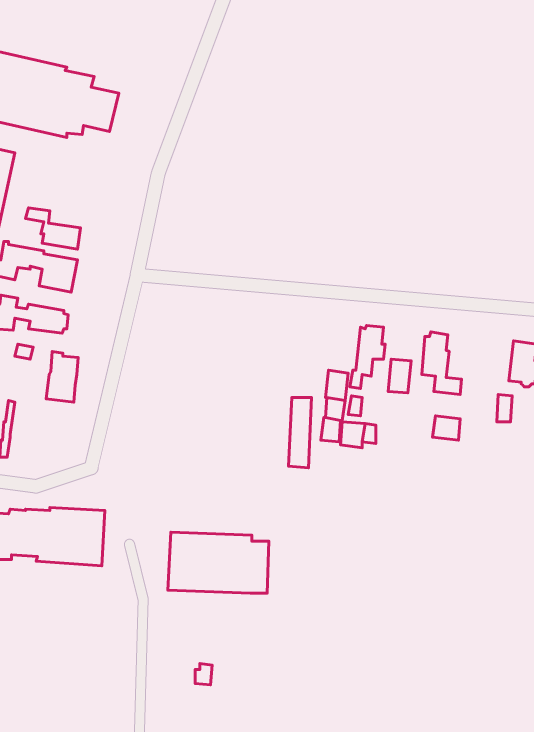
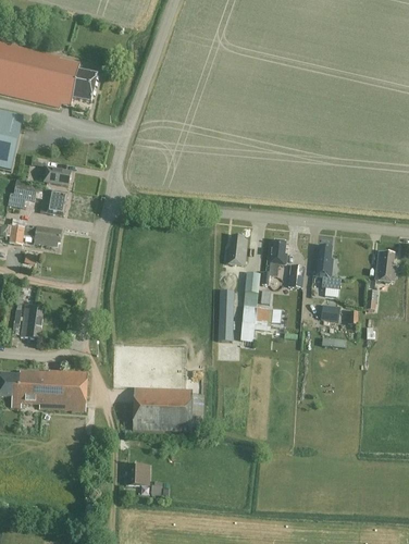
building: none -> [225,235,246,264]
building: [46,352,78,402] -> [20,302,42,338]
building: none -> [125,463,150,484]

